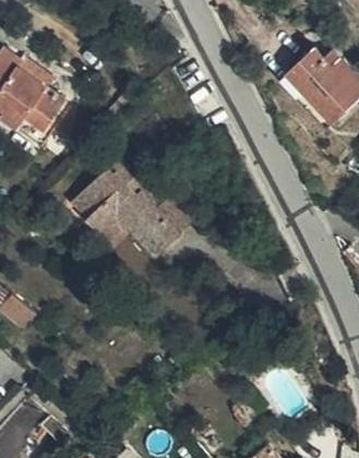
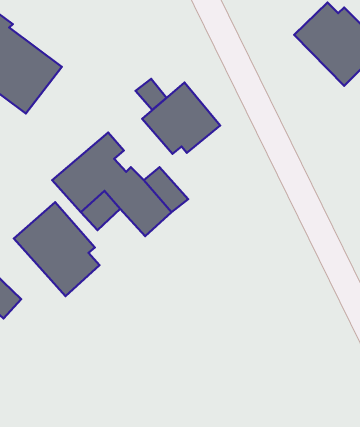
building: none -> [142,83,220,154]
building: none -> [14,202,99,296]

